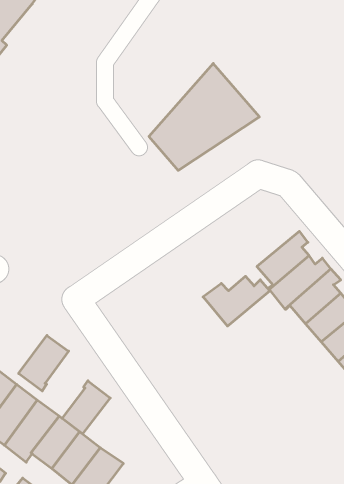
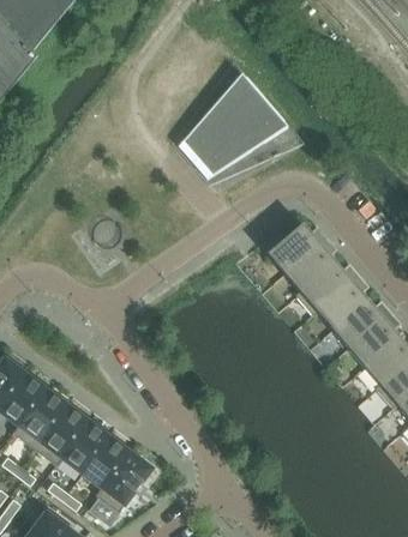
building: [203,276,270,326] -> [260,224,326,273]
building: [19,335,69,391] -> none
building: [62,381,110,434] -> none

